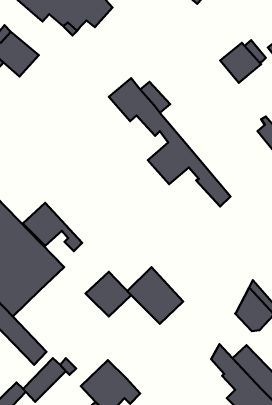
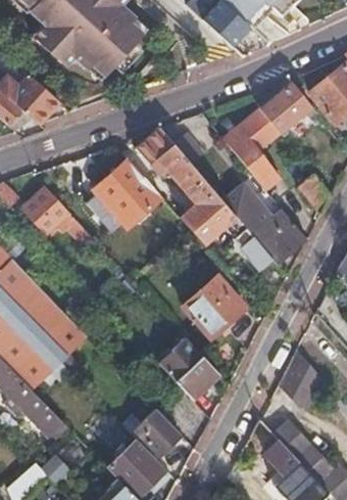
building: none -> [222,107,281,188]
building: none -> [95,160,161,226]
building: none -> [221,182,308,265]
building: [23,203,82,251] -> [22,187,88,240]
building: none -> [183,274,246,337]
building: [86,272,131,317] -> [131,408,181,457]

